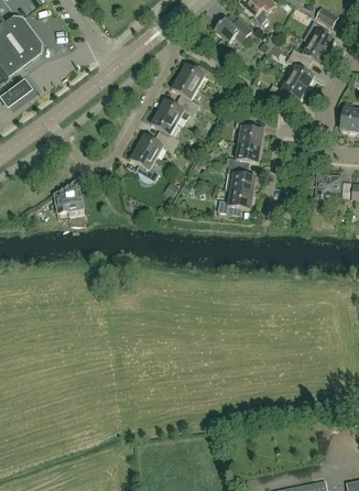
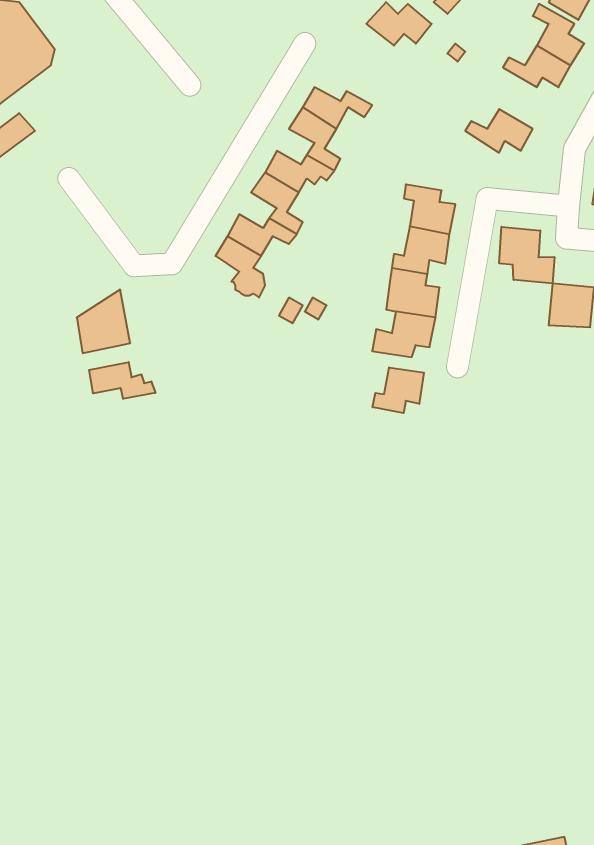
building: [285,53,314,87] -> none
building: none -> [499,227,554,284]
building: none -> [89,362,155,399]
building: none -> [373,367,424,413]

